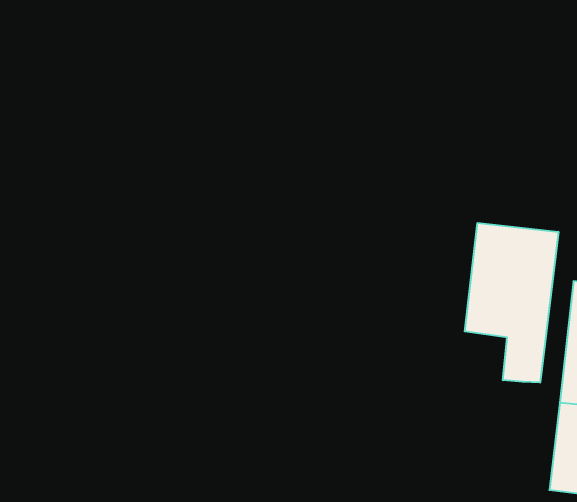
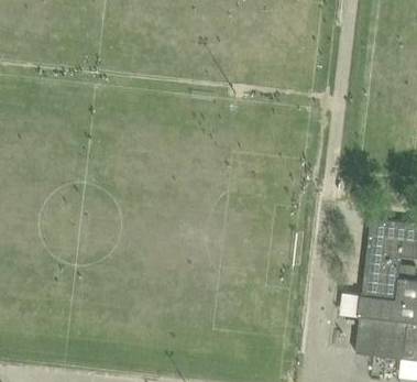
building: [465,223,558,383] -> none

